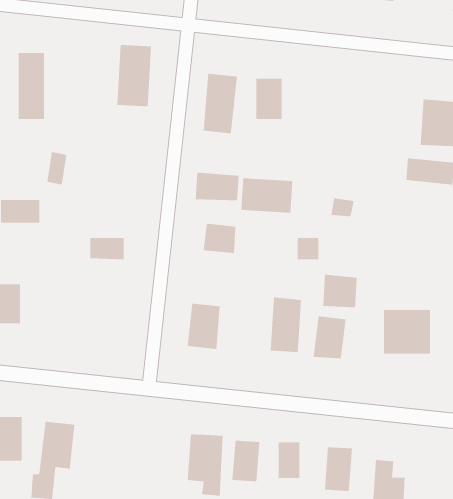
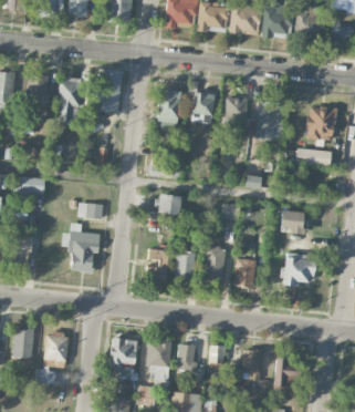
building: none -> [58,76,81,121]
building: none -> [226,97,247,122]
building: none -> [257,105,282,138]
building: [241,178,293,213] -> none
building: none -> [62,223,100,272]
building: [322,274,358,308] -> [281,209,305,233]
building: none -> [176,250,196,280]
building: none -> [109,337,137,373]

